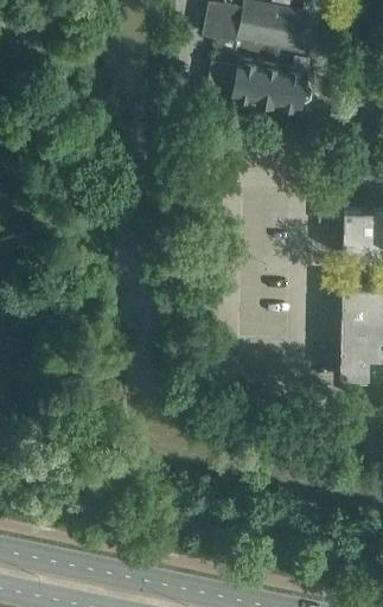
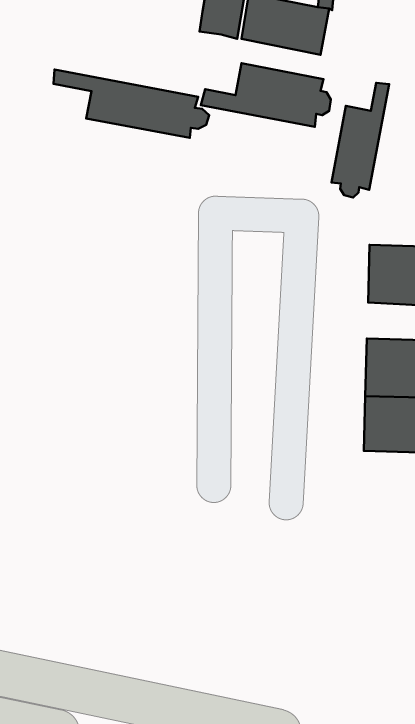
building: none -> [53,70,209,138]
building: none -> [332,83,389,197]

